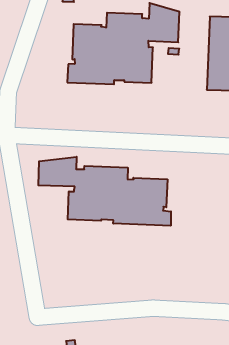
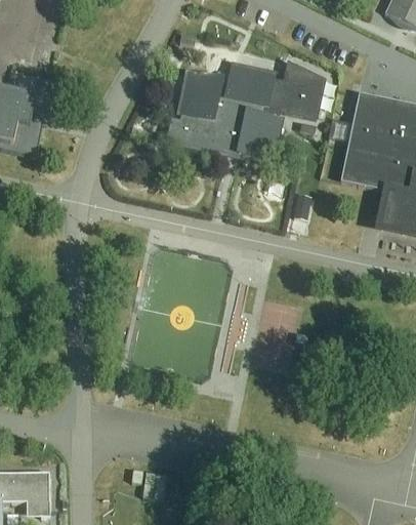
building: [38,157,171,226] -> none

